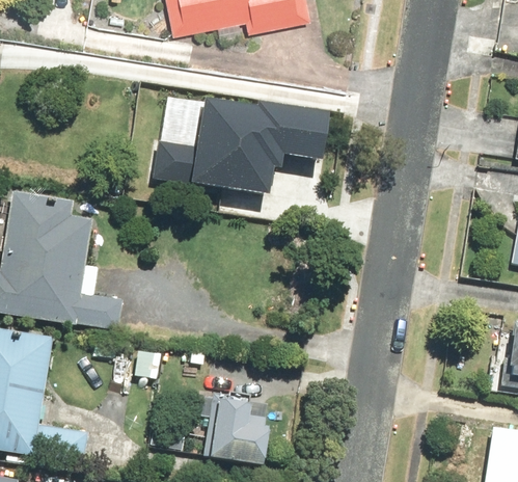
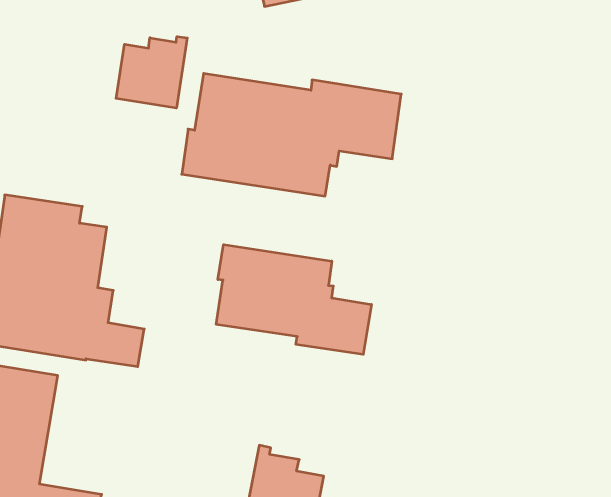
building: none -> [116,37,187,108]
building: none -> [216,245,371,354]

